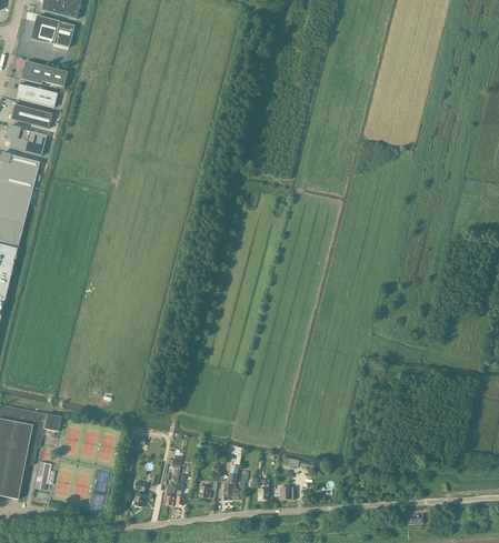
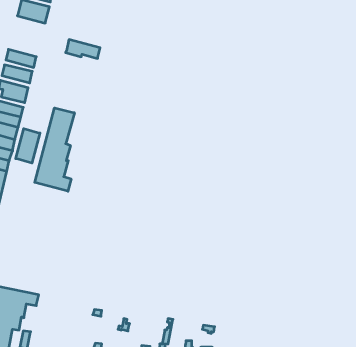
building: [20,60,67,86] -> [66,40,100,58]
building: none -> [35,108,74,191]
building: none -> [16,129,40,163]

